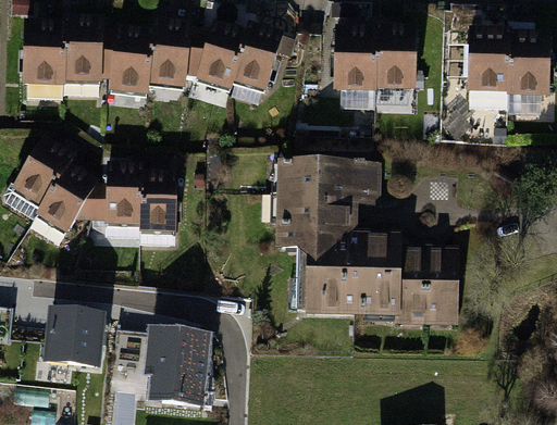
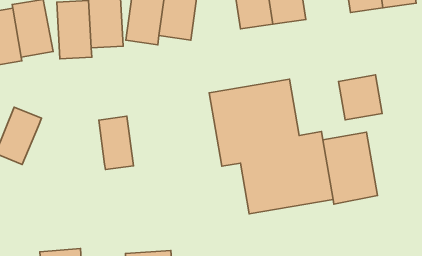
building: [109,162,145,224] -> none
building: [40,165,99,233] -> none
building: none -> [338,75,382,120]

